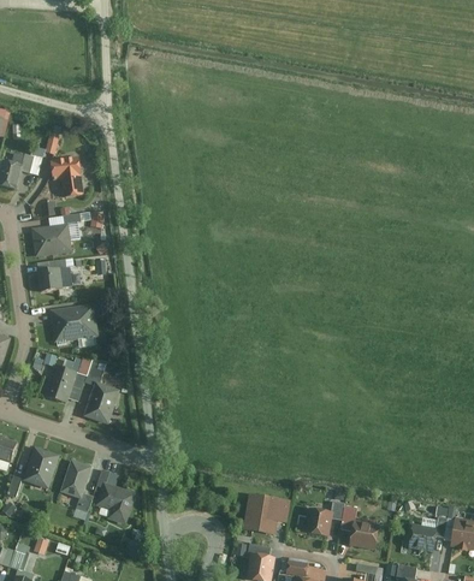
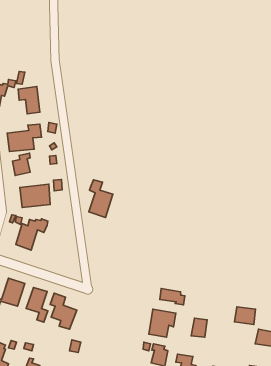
building: [84,367,120,423] -> [89,180,113,218]
building: none -> [160,289,185,305]
building: [345,520,377,546] -> [235,307,255,324]

